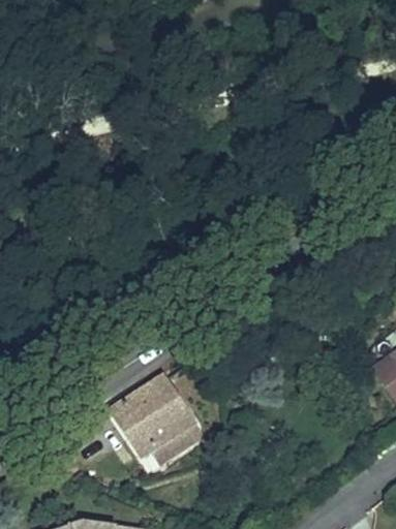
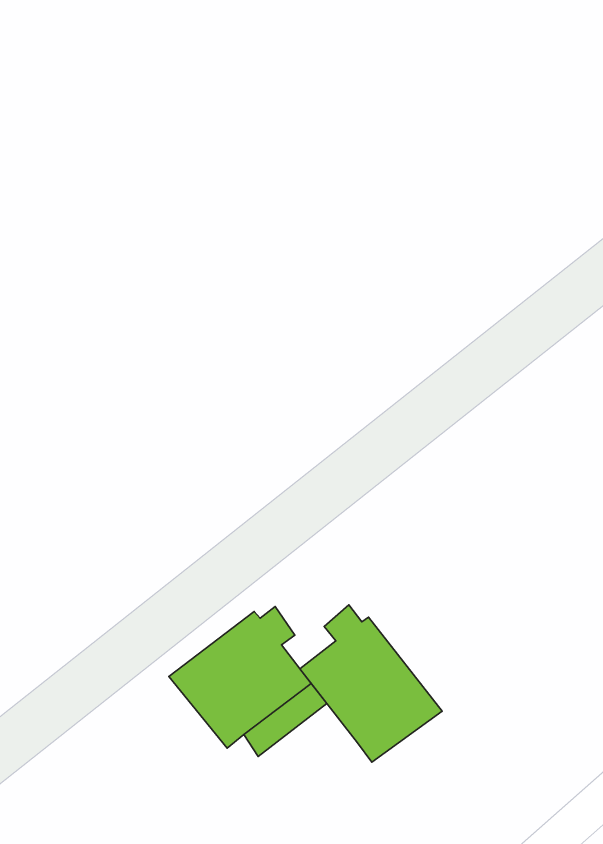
building: none -> [300,605,442,762]

